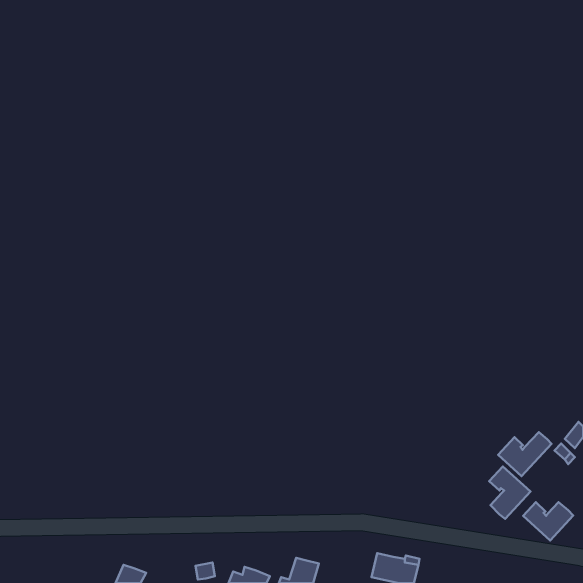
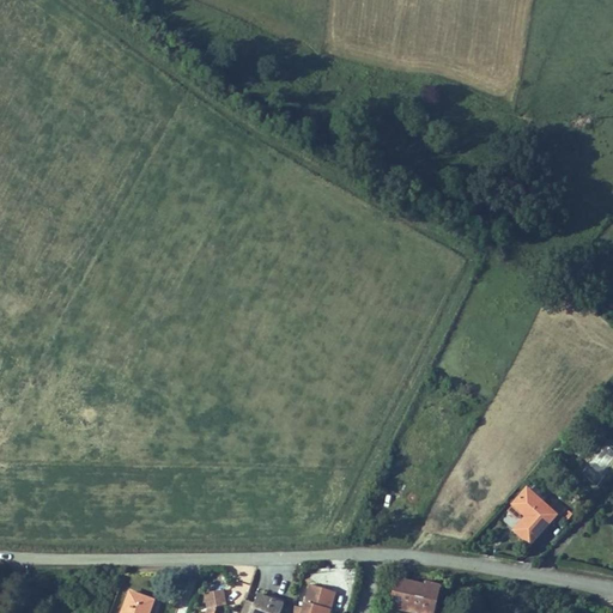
building: [498,432,551,476] -> none
building: [523,502,573,541] -> none

